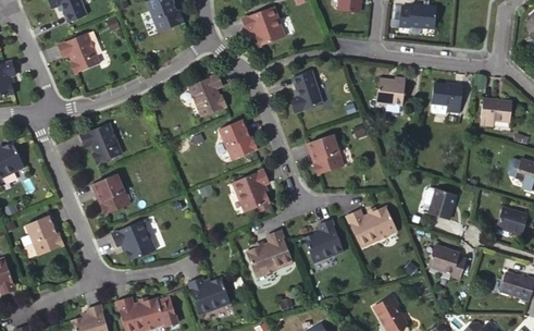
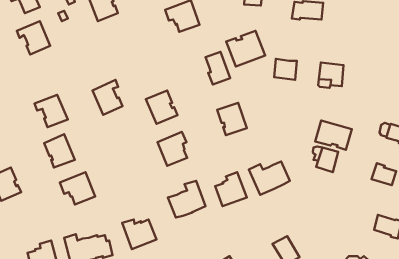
building: none -> [226,31,265,66]
building: [188,73,225,117] -> [93,80,122,115]
building: [481,99,512,126] -> none
building: none -> [315,120,352,150]
building: [430,246,468,275] -> none

